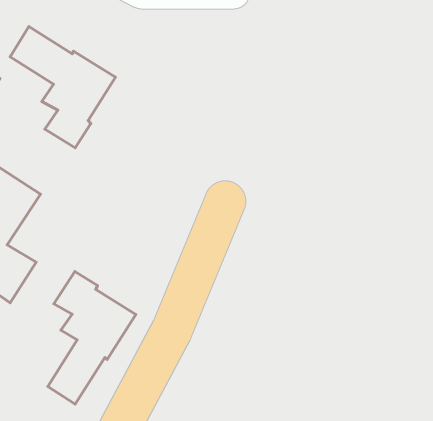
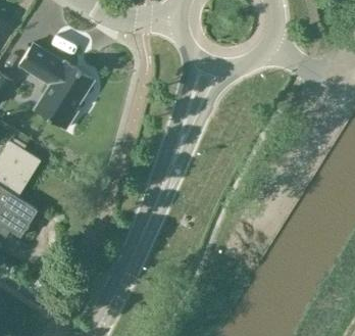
building: [48,272,136,404] -> none

